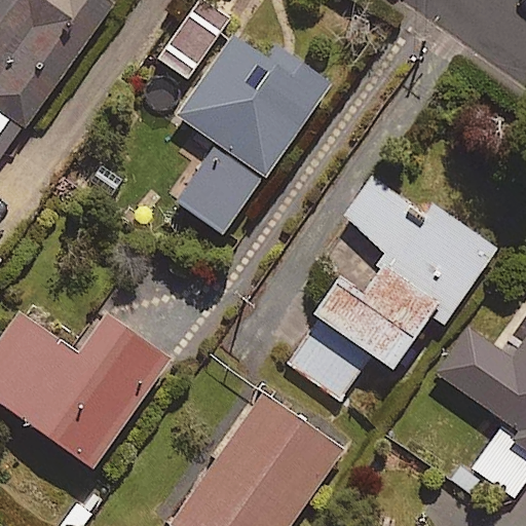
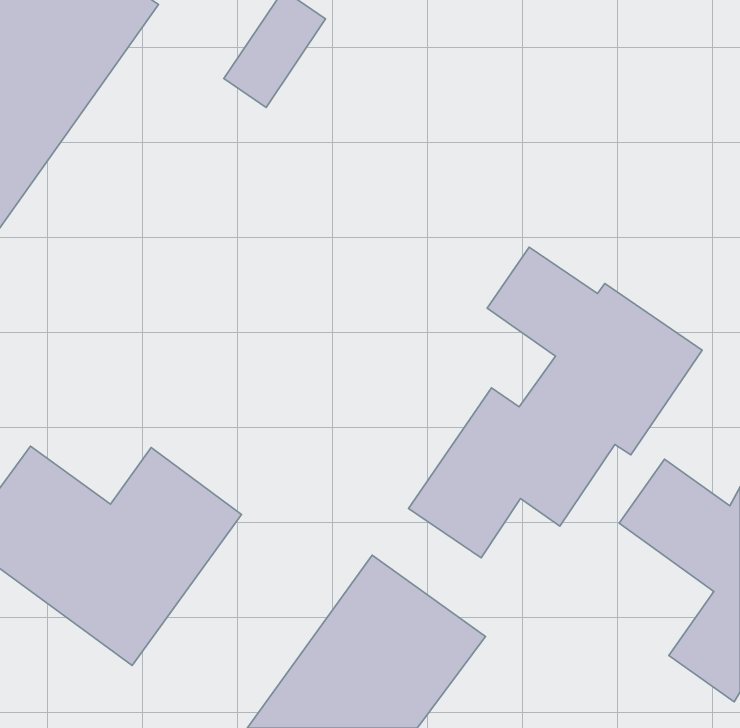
building: [177,34,332,234] -> none

